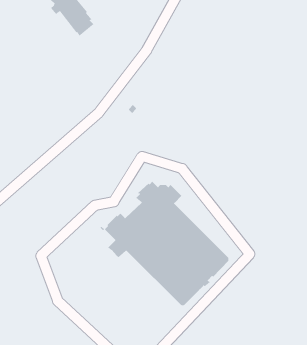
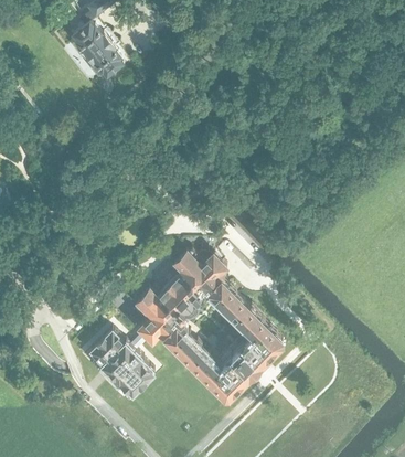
building: none -> [89,329,153,393]

